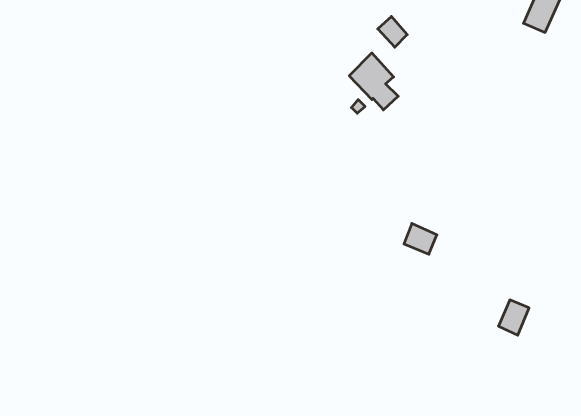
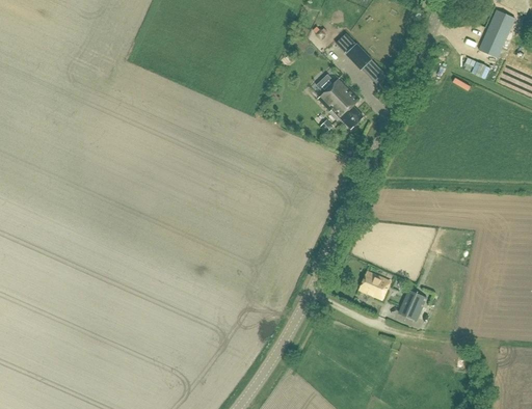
building: [404,223,437,254] -> [360,271,390,299]
building: [498,300,529,335] -> [399,290,427,322]

